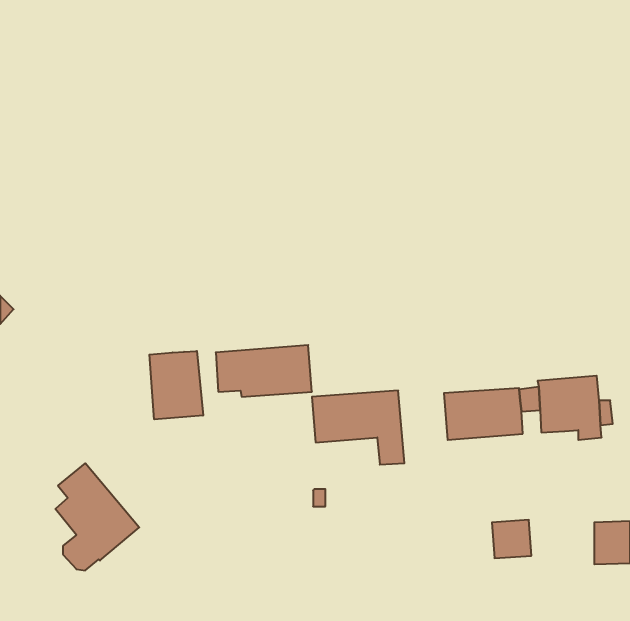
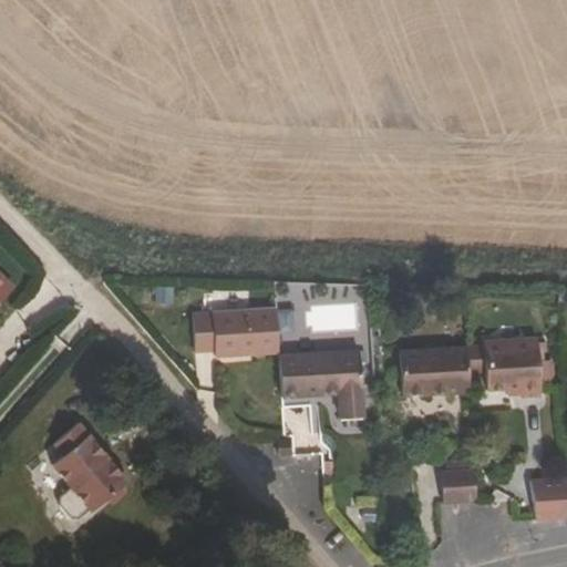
building: [149,351,203,419] -> none

